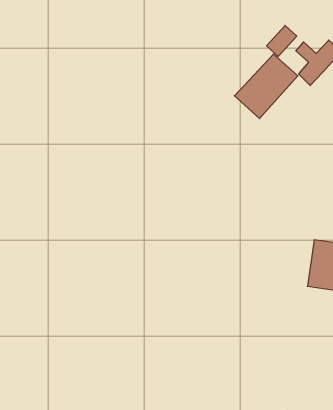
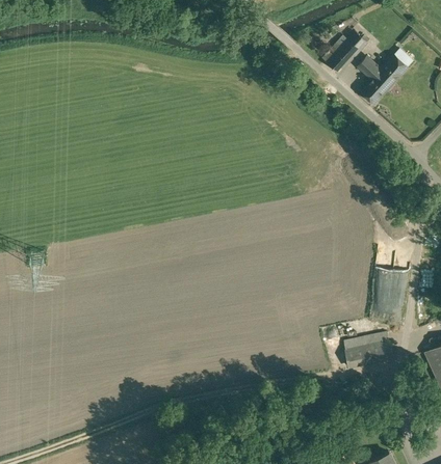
building: [234,54,298,119] -> none
building: none -> [345,339,392,365]

